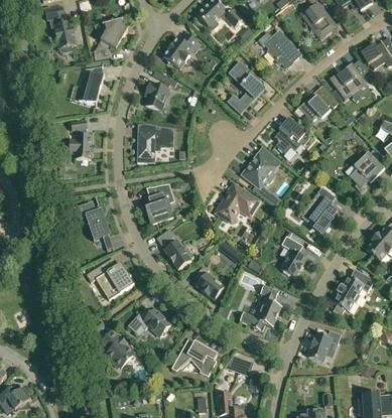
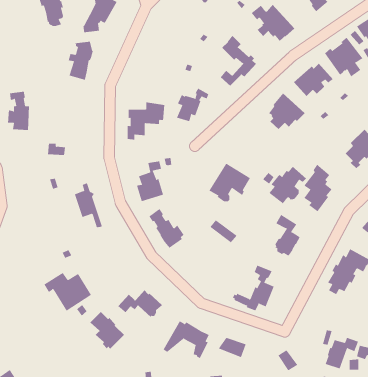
building: [162,33,200,67] -> none
building: [144,75,176,108] -> [176,88,209,122]
building: [69,120,91,158] -> [7,91,30,130]
building: [243,149,280,186] -> [269,166,307,204]
building: [86,261,133,299] -> [43,272,92,311]
building: [194,264,224,298] -> none
building: [307,329,341,361] -> [325,337,359,369]

